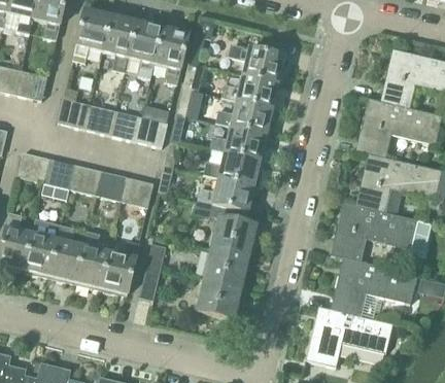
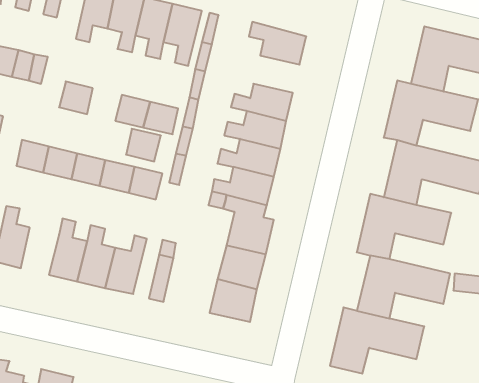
building: [221,75,278,109] -> none
building: [83,105,115,135] -> [126,129,161,161]
building: [23,218,58,276] -> none

